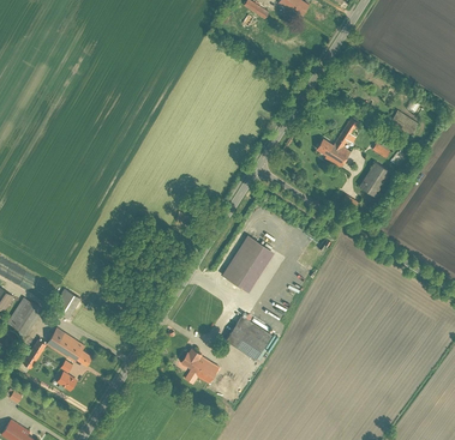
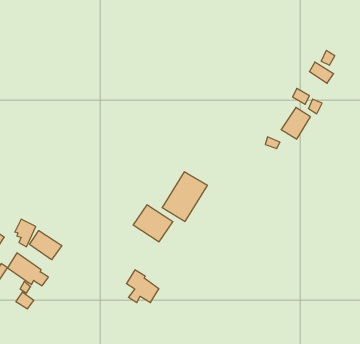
building: [316,119,358,169] -> none
building: none -> [30,231,62,260]
building: [226,317,271,358] -> [133,205,173,242]

